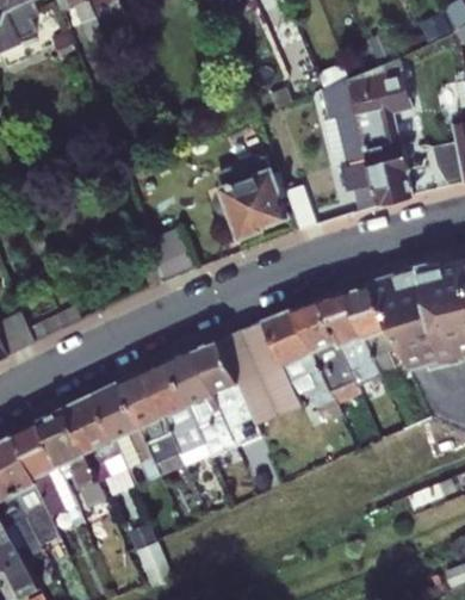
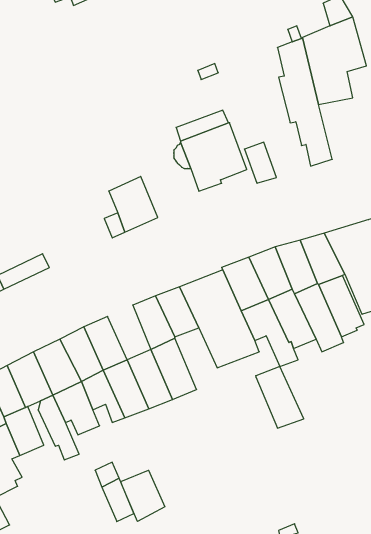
building: [365,141,415,206] -> none
building: [144,359,190,416] -> none
building: [215,383,265,447] -> [256,367,304,428]
building: none -> [121,470,165,521]

